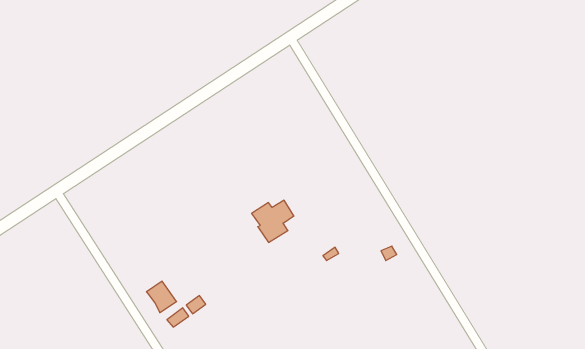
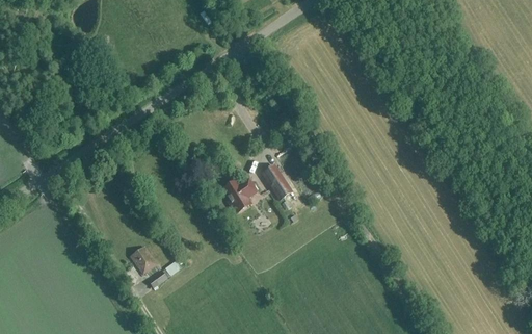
building: none -> [262,164,292,199]

